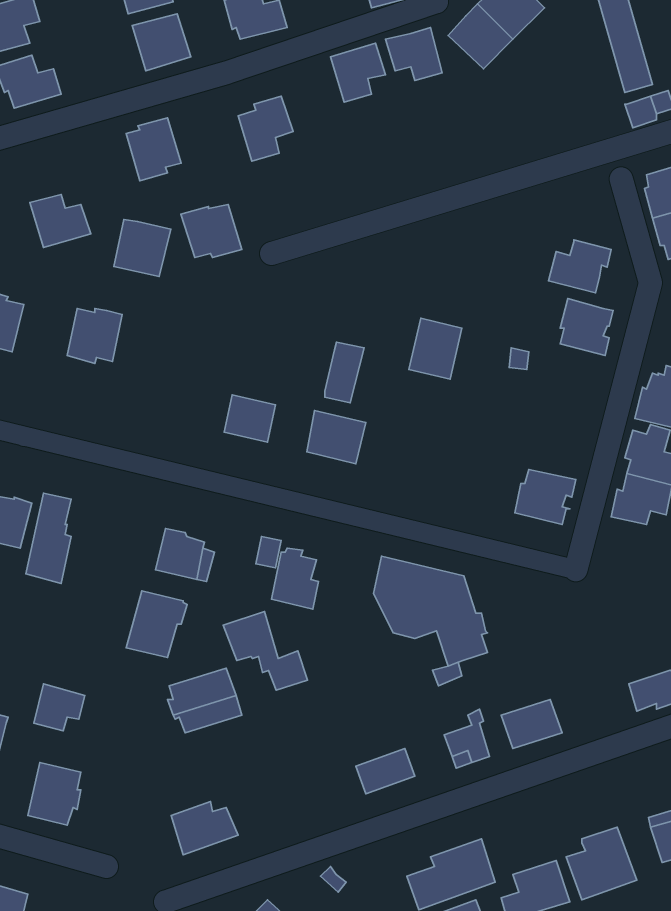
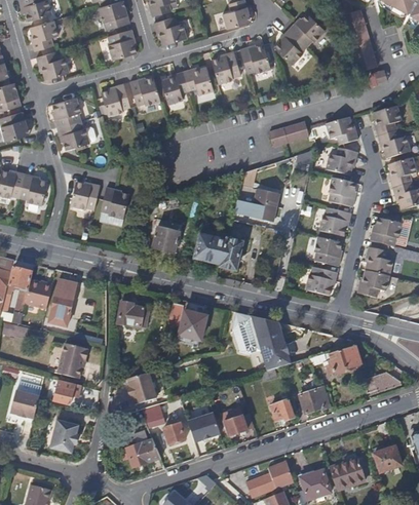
building: none -> [184,68,215,96]
building: none -> [47,99,75,127]
building: none -> [328,116,360,146]
building: none -> [271,122,310,147]
building: [181,204,242,257] -> [129,77,161,105]
building: [114,219,171,276] -> [103,188,132,218]
building: [325,342,364,403] -> [223,238,243,270]
building: none -> [320,207,352,237]
building: none -> [314,237,343,266]
building: [126,591,187,658] -> [59,342,90,377]
building: [223,611,308,690] -> [141,402,185,443]
building: none -> [308,346,360,377]
building: none -> [187,413,220,441]

